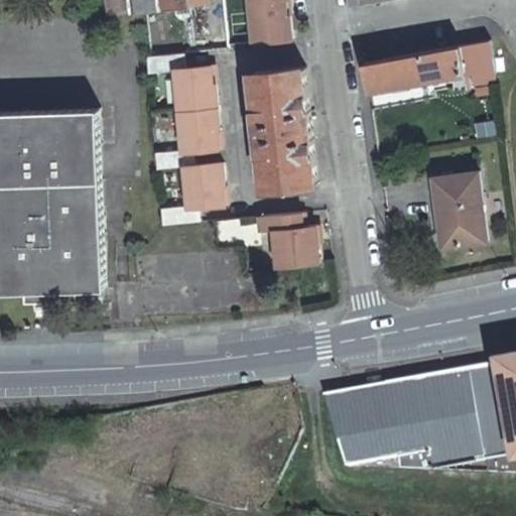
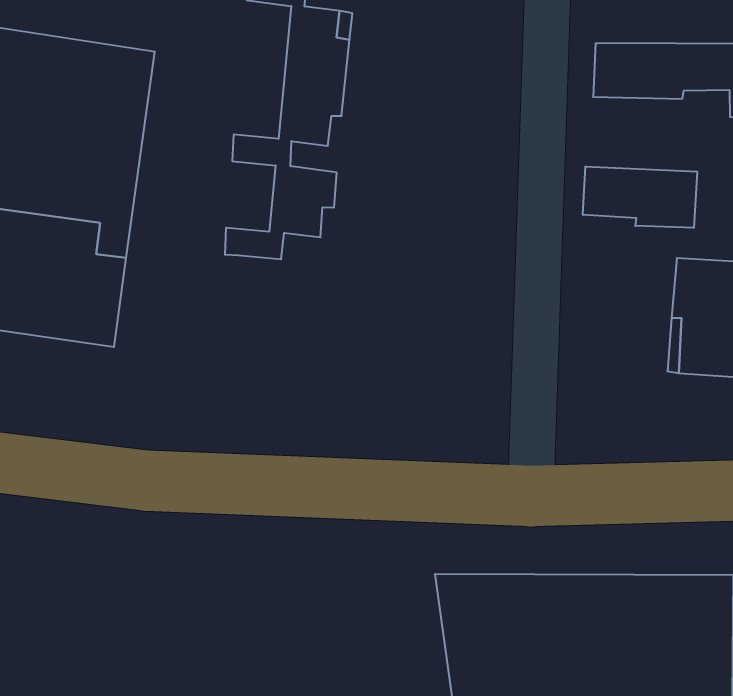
building: [250,69,314,188] -> none
building: none -> [583,166,697,228]
building: [256,214,315,270] -> none

